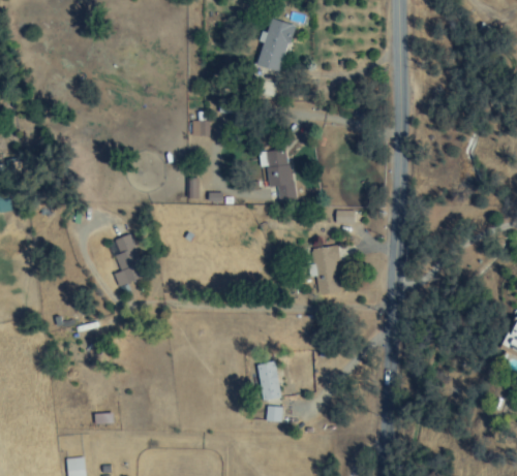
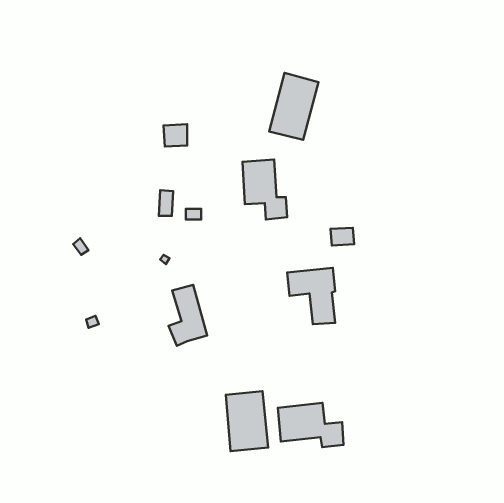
building: [253,18,297,76] -> [269,73,319,140]
building: [112,234,146,288] -> [168,285,207,346]
building: none -> [278,403,343,447]

